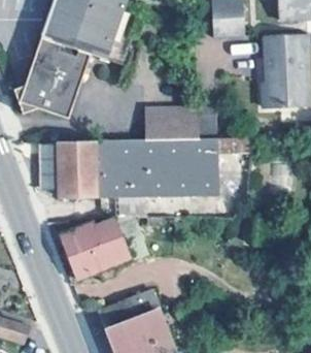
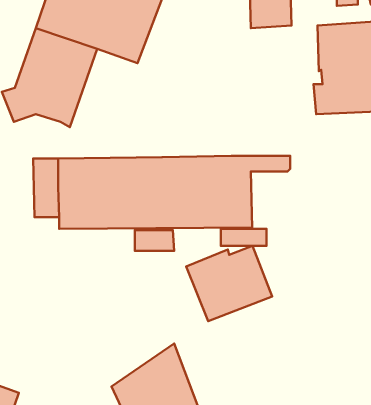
building: [141,107,197,140] -> none
building: [61,219,129,279] -> [186,246,272,321]

